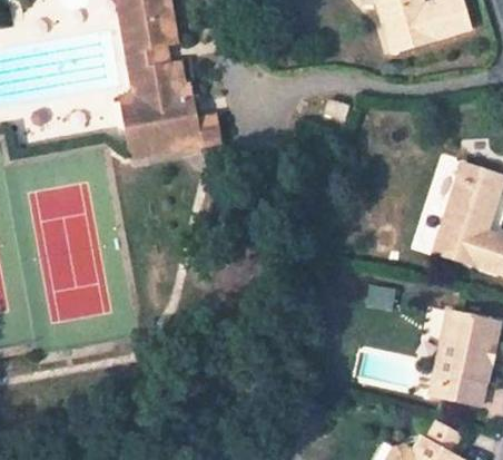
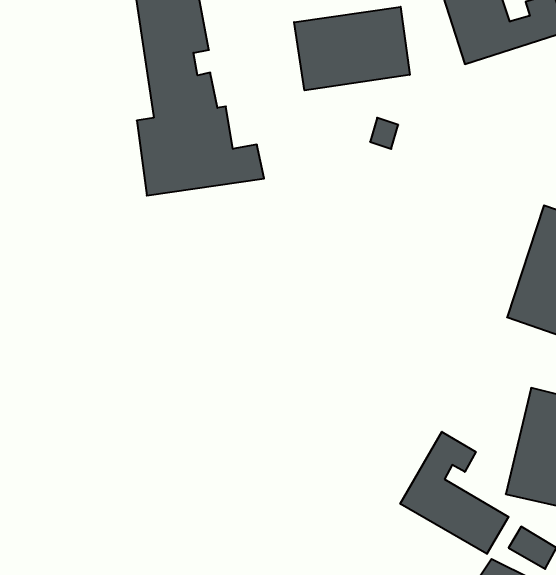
building: none -> [294,7,410,90]
building: none -> [400,432,509,554]

